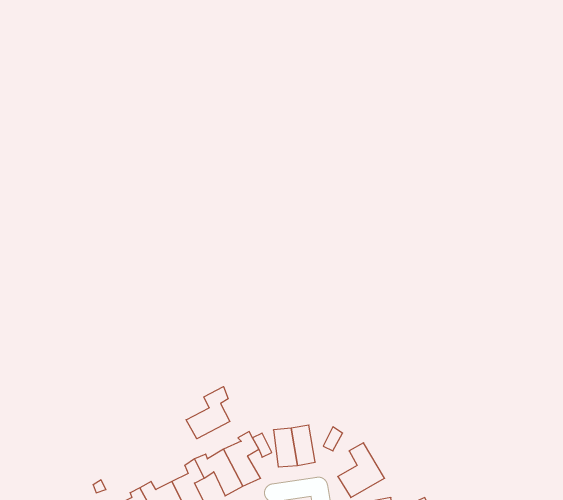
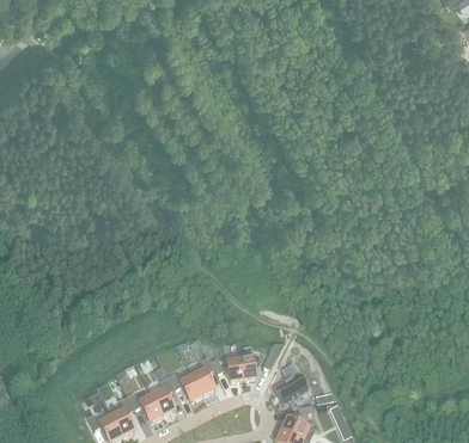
building: [186,387,230,439] -> none

